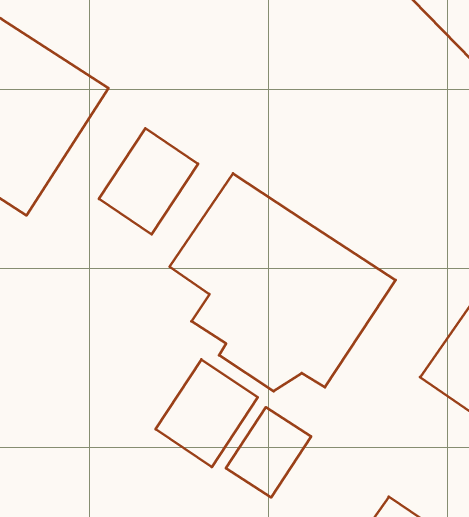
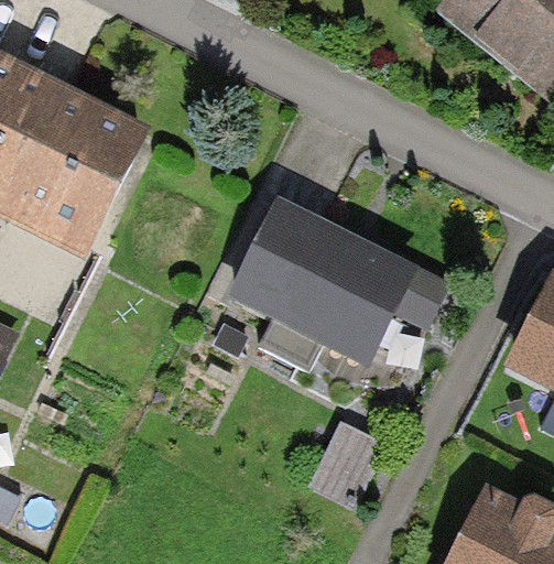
building: [99,128,198,234] -> none
building: [156,359,258,467] -> none

